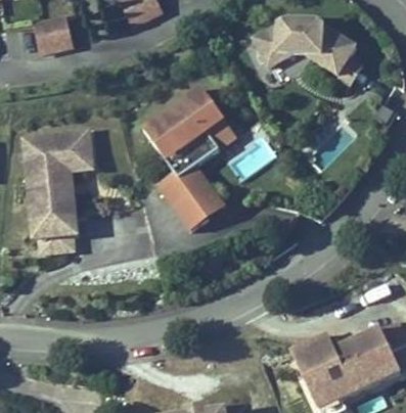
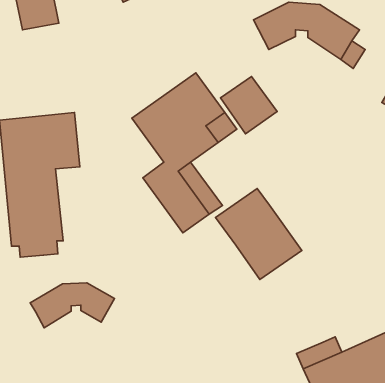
building: none -> [221,77,277,134]
building: none -> [215,188,302,279]
building: none -> [30,283,114,328]

